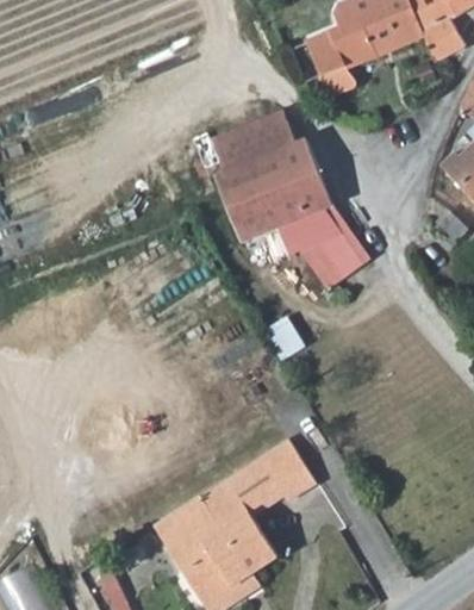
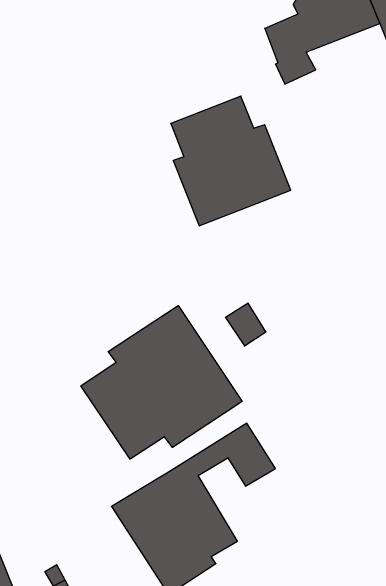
building: [286,205,372,290] -> none
building: none -> [81,306,242,459]

